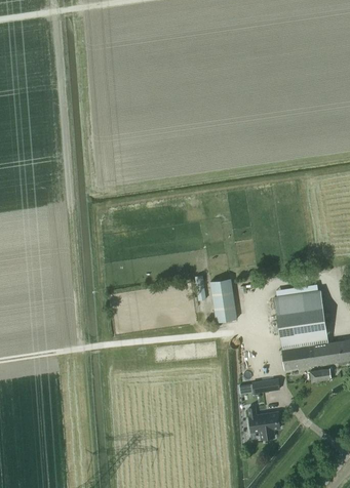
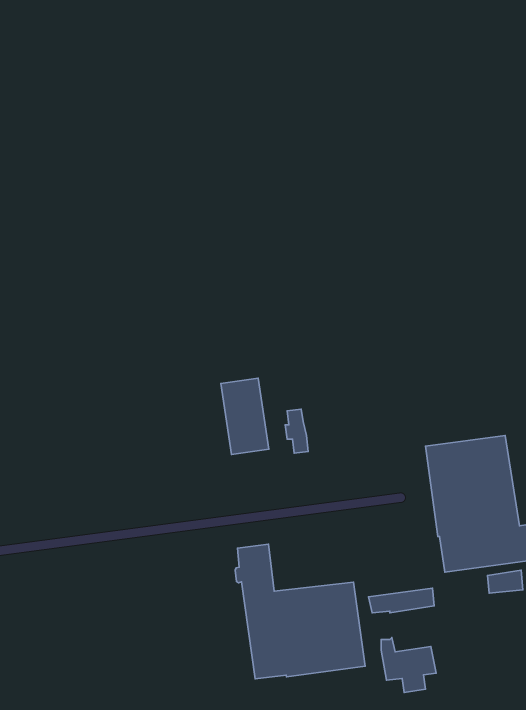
building: [209,278,237,322] -> [221,378,269,454]
building: none -> [235,544,365,679]

